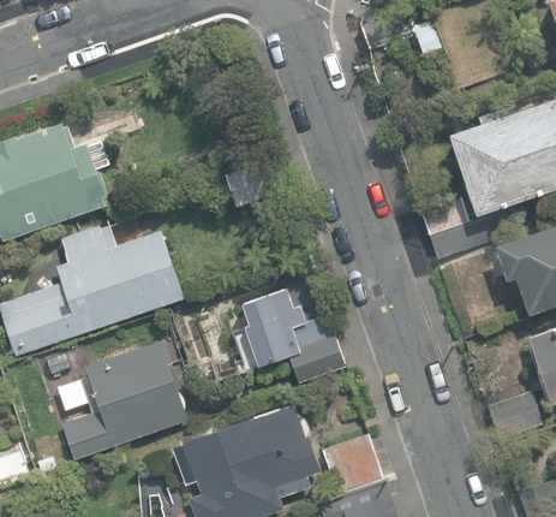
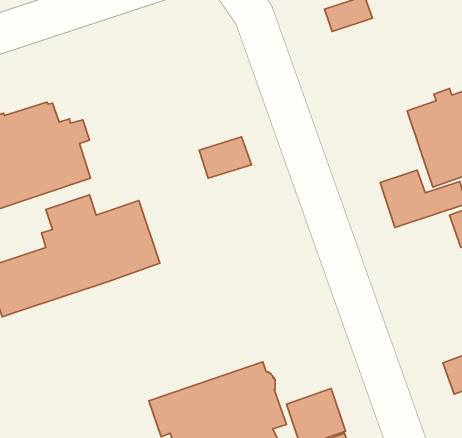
building: [244,290,346,382] -> none
building: [61,339,190,460] -> none

